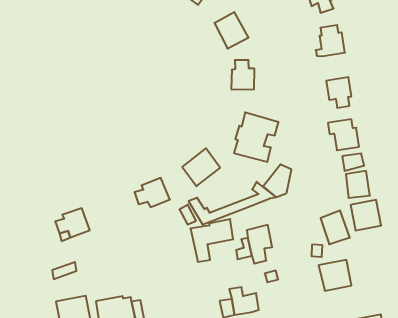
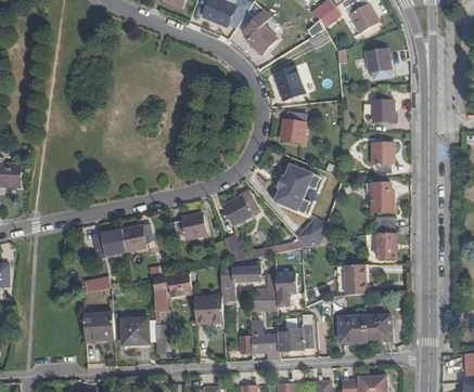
building: none -> [121,223,152,251]
building: [351,200,381,231] -> [364,315,390,341]
building: none -> [153,270,194,310]
building: none -> [194,297,225,322]
building: none -> [278,314,313,351]

